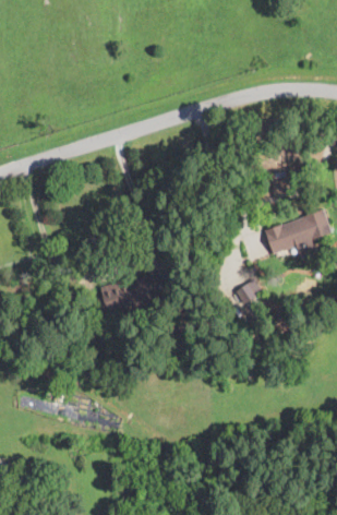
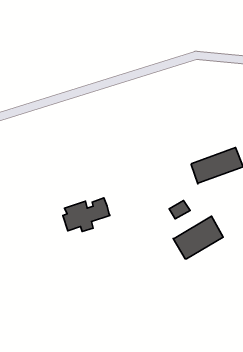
building: none -> [173,216,223,259]

